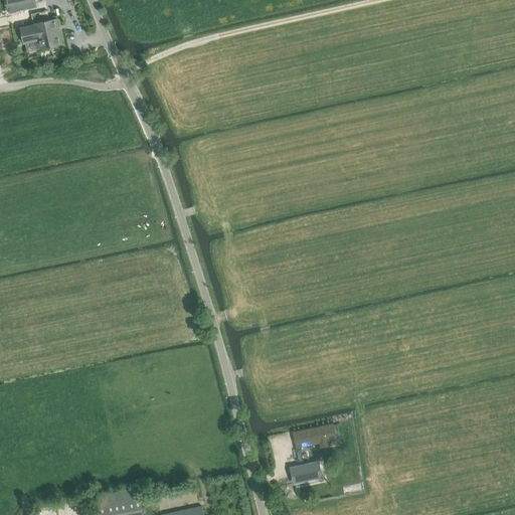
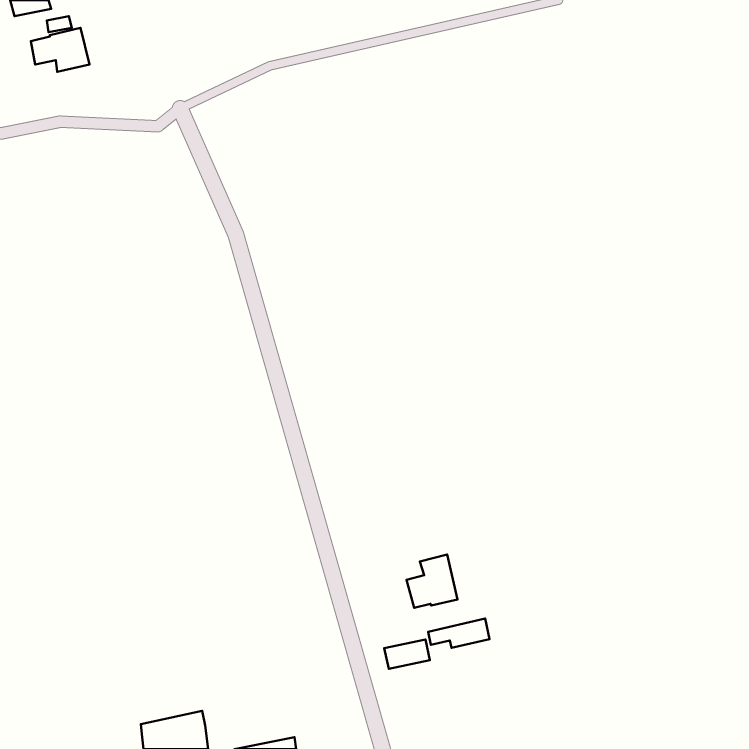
building: none -> [407,555,458,608]
building: [291,464,322,484] -> [384,640,430,669]

